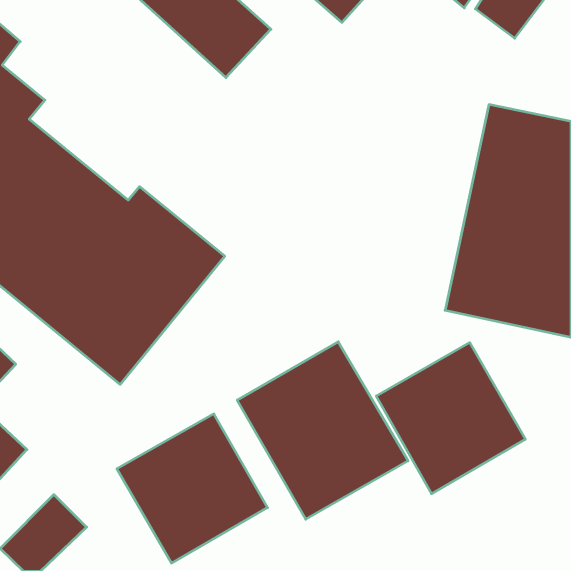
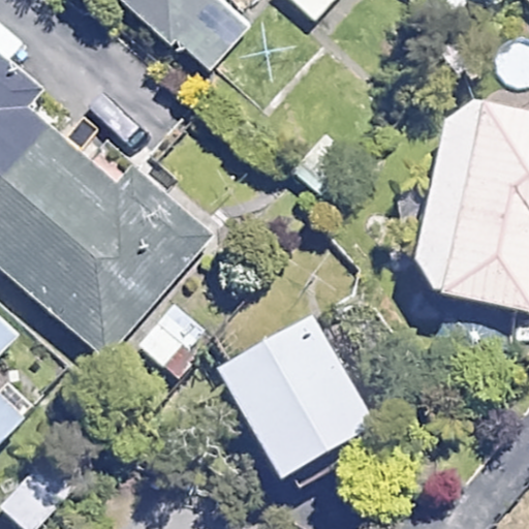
building: [376,343,525,494] -> none
building: [117,414,268,563] -> none

